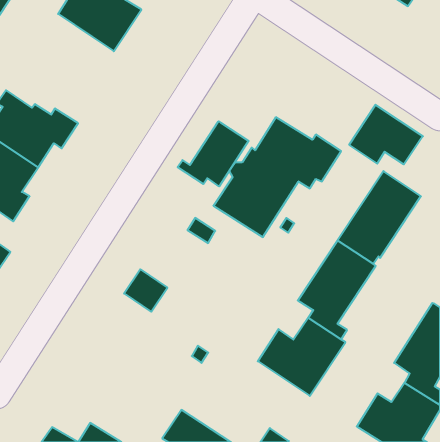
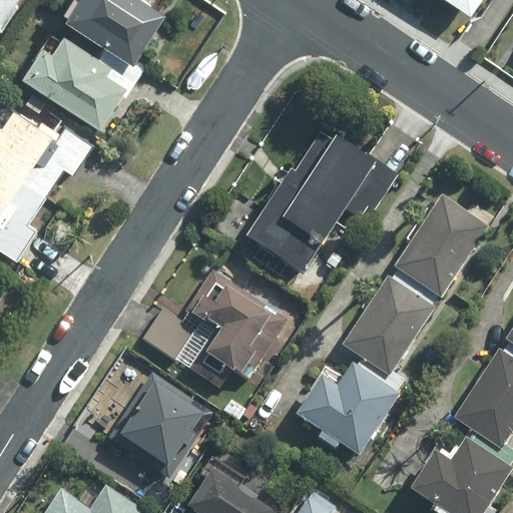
building: none -> [23,34,141,124]
building: [349,105,423,164] -> none
building: [178,121,249,186] -> none
building: none -> [185,272,285,390]
building: none -> [109,374,214,483]

